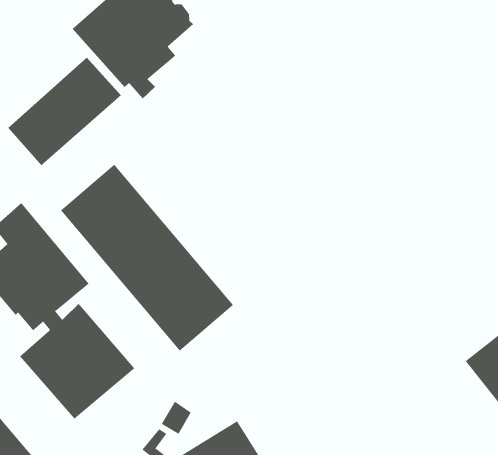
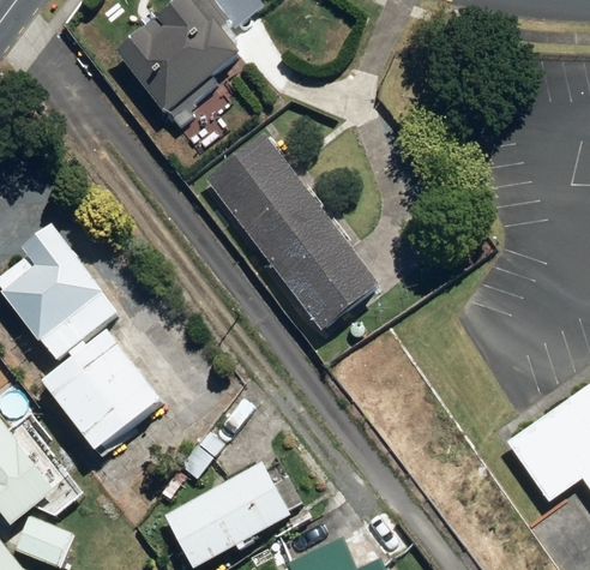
building: [8,57,122,166] -> none
building: [60,164,234,351] -> [206,134,379,331]

